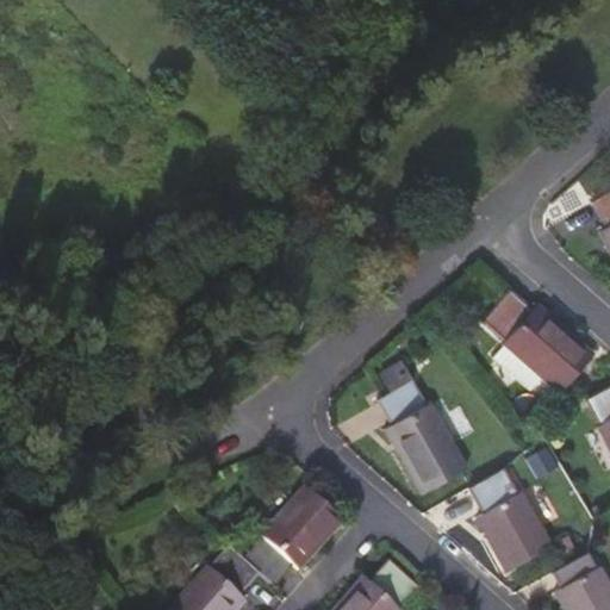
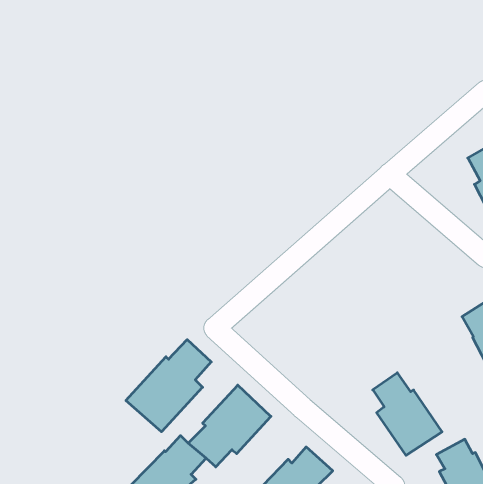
building: [484,290,595,392] -> none
building: [374,379,469,494] -> none
building: none -> [126,340,211,432]

